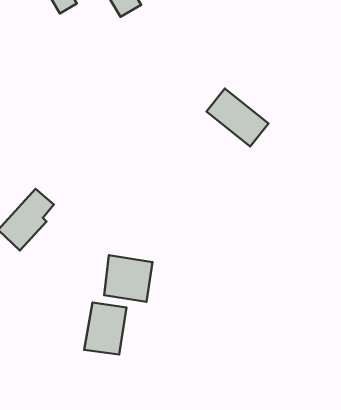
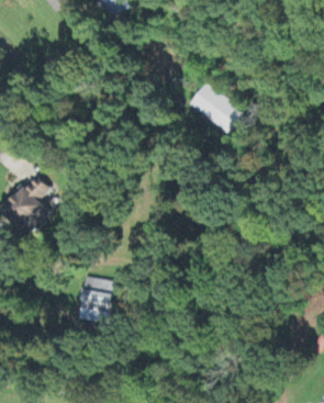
building: [104,255,153,302] -> none

